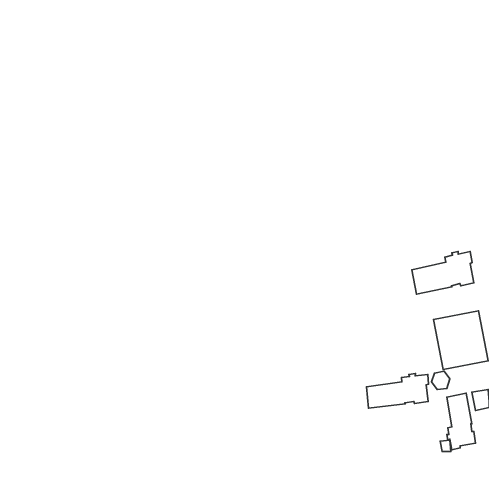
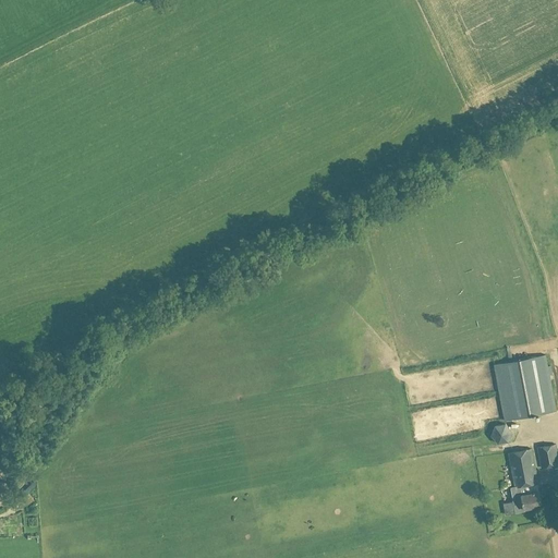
building: [412,251,474,294] -> none
building: [366,374,428,408] -> none

